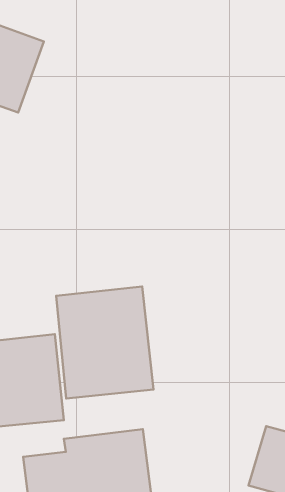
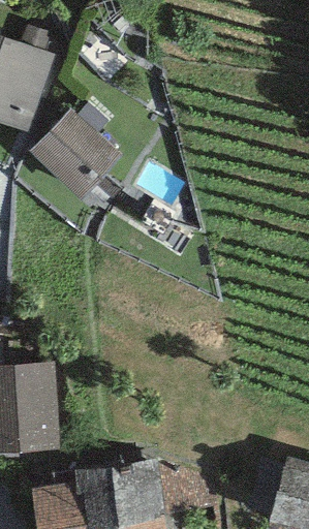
building: none -> [27,108,120,201]
building: [56,286,153,399] -> none

